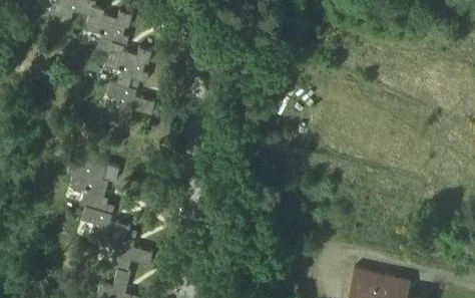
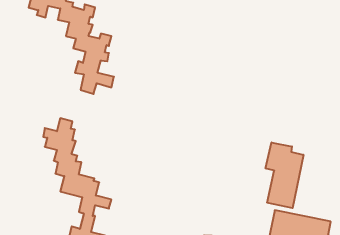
building: none -> [266,142,303,208]

